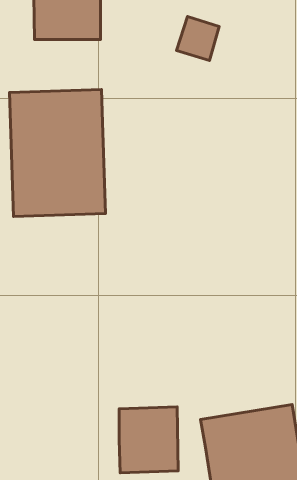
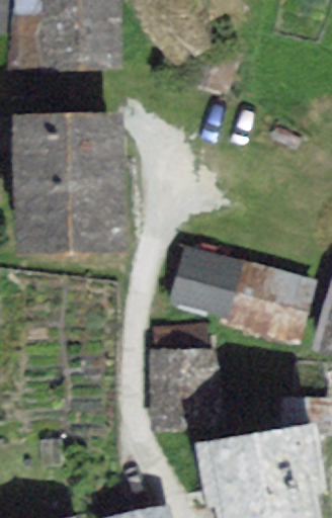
building: none -> [170,250,303,332]
building: [119,407,178,473] -> [153,353,213,420]

